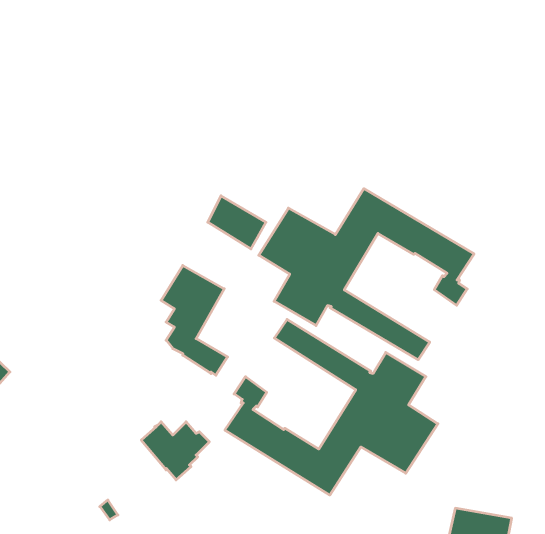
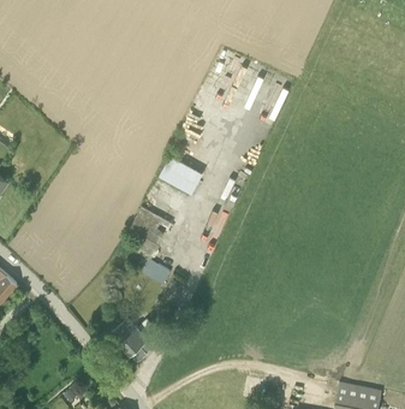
building: [259,189,474,360] -> none
building: [225,319,438,495] -> none

